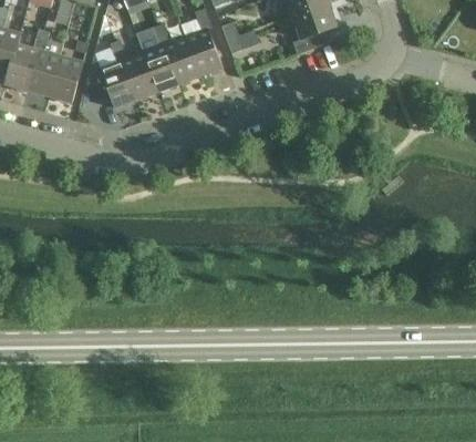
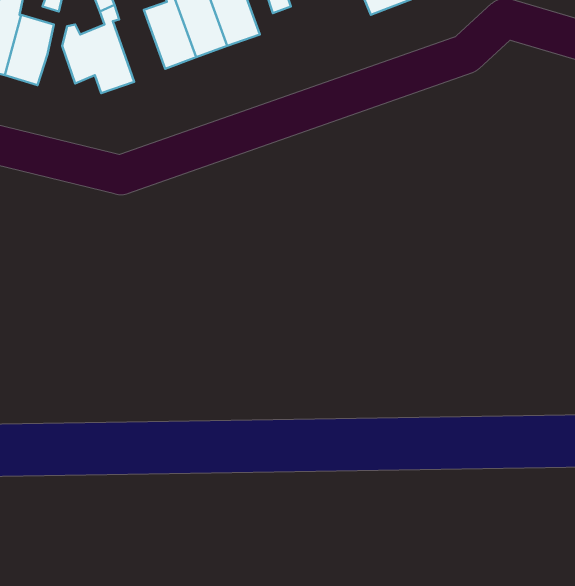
building: [122,51,157,100] -> none

